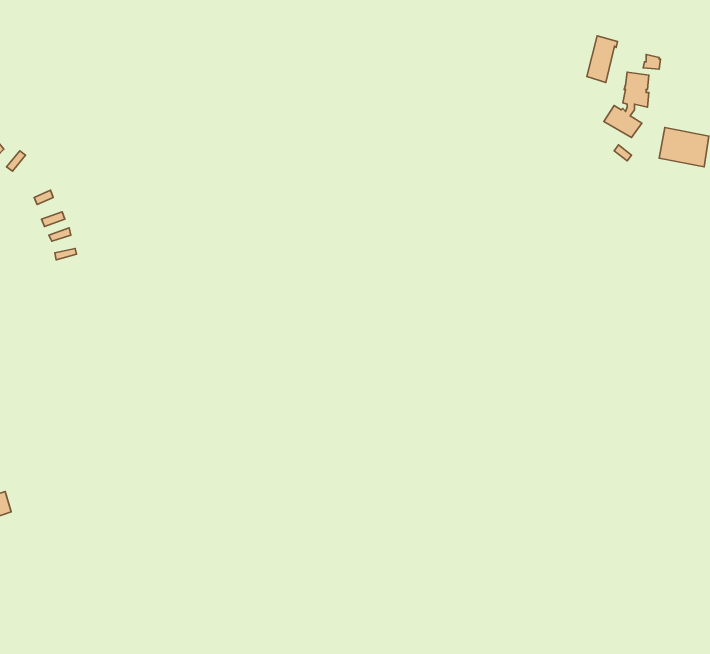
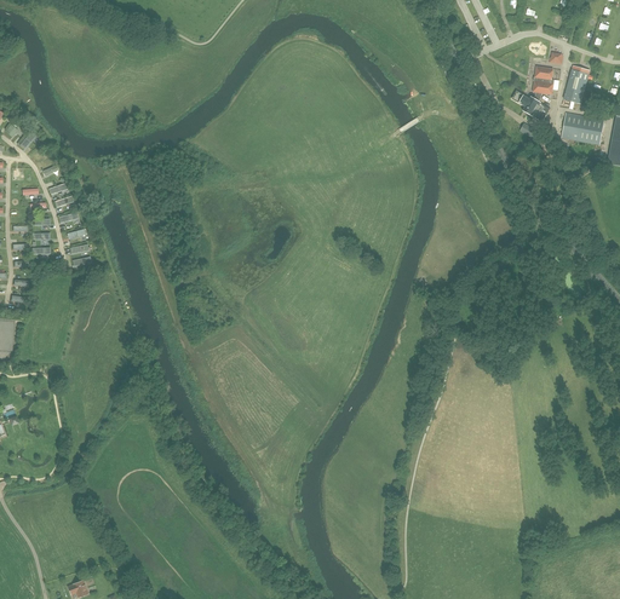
building: [587,36,618,82] -> [564,64,590,103]

